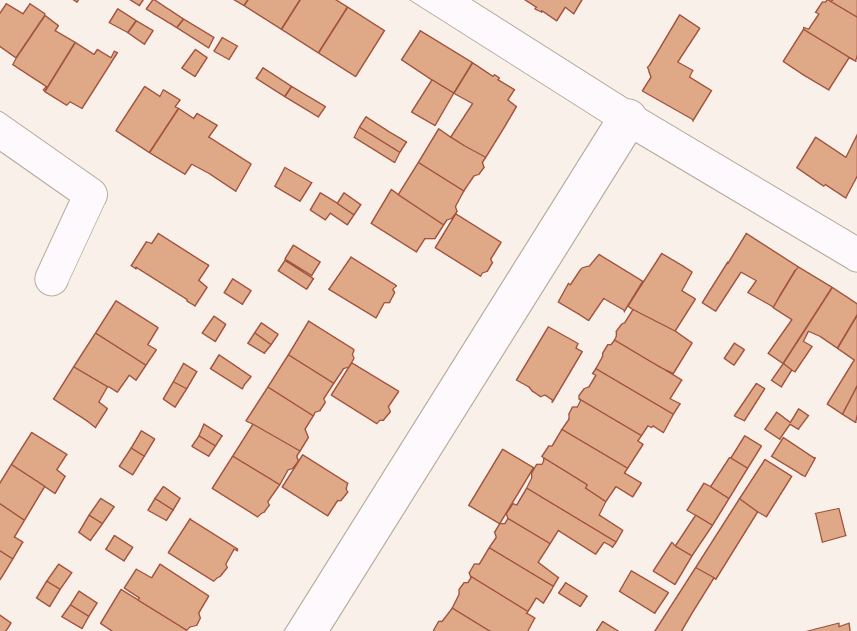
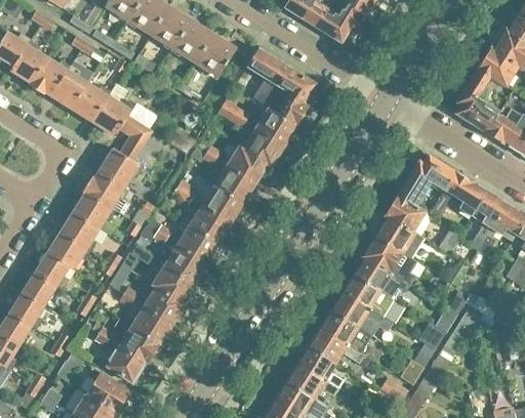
building: [642,15,712,121] -> [455,67,497,131]
building: none -> [52,61,92,109]
building: none -> [98,135,146,187]
building: [435,214,501,276] -> [215,165,255,203]
building: [558,255,643,320] -> [404,155,455,195]
building: none -> [73,192,116,228]
building: [516,327,582,402] -> none
building: [331,363,399,424] -> [190,205,231,242]
building: none -> [22,271,55,305]
building: [469,449,533,524] -> none
building: [282,455,348,516] -> [119,326,159,363]

